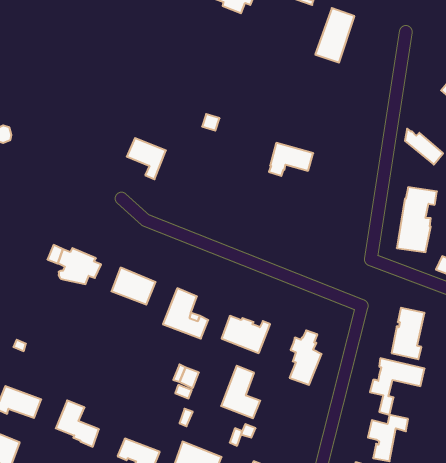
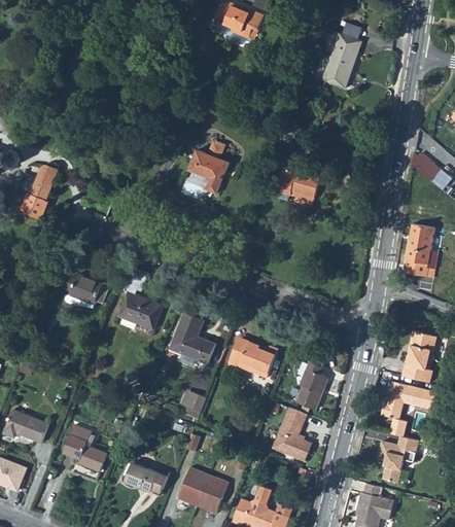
building: [127,138,166,179] -> [188,151,227,192]
building: none -> [22,166,58,218]
building: [221,366,260,418] -> [273,409,312,461]

